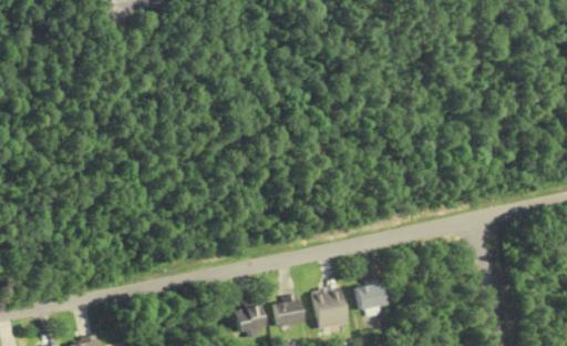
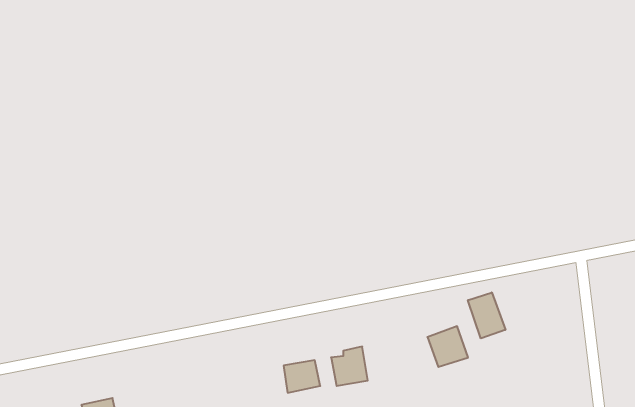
building: none -> [468,292,505,338]
building: [313,286,348,329] -> none

